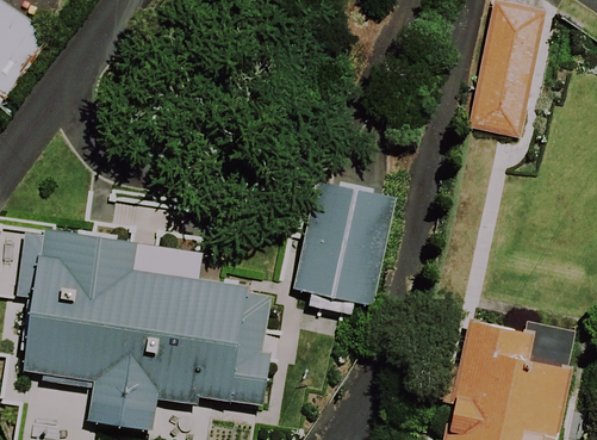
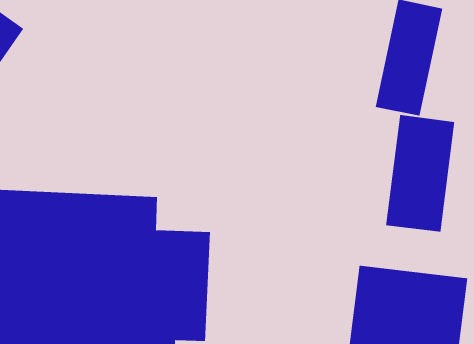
building: none -> [386,114,455,233]
building: [293,180,399,309] -> none

